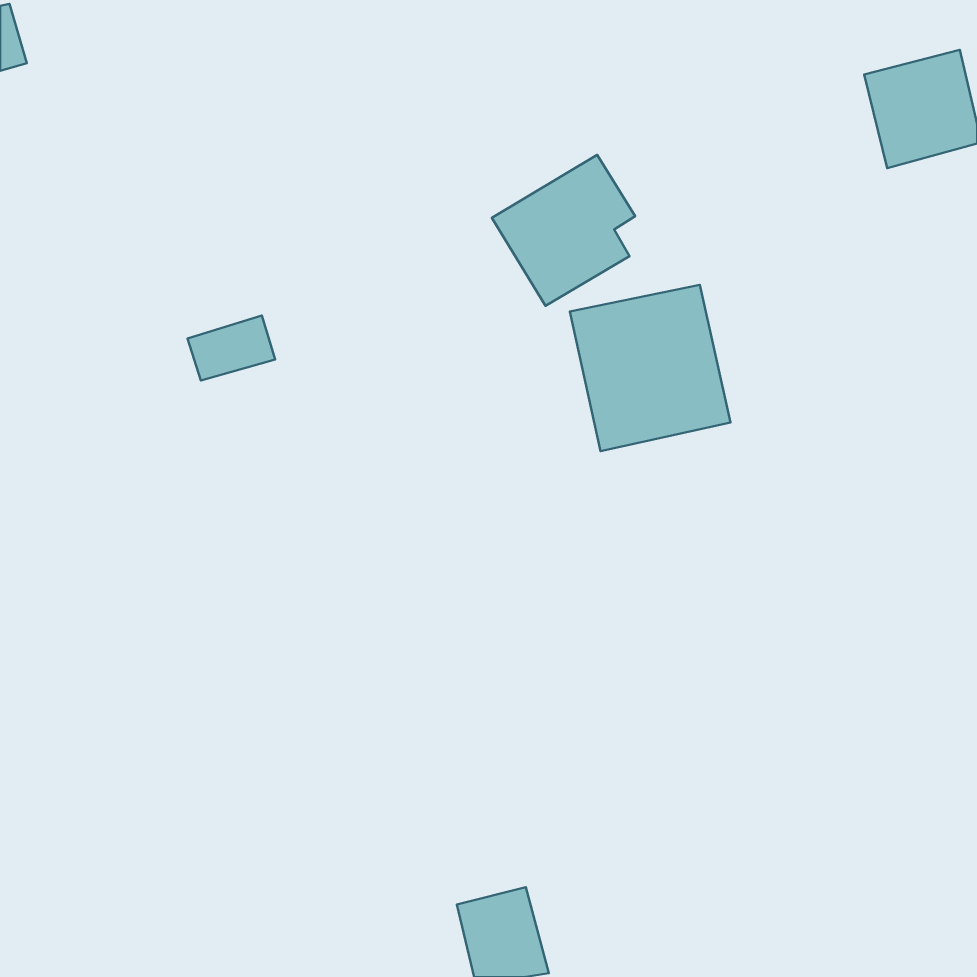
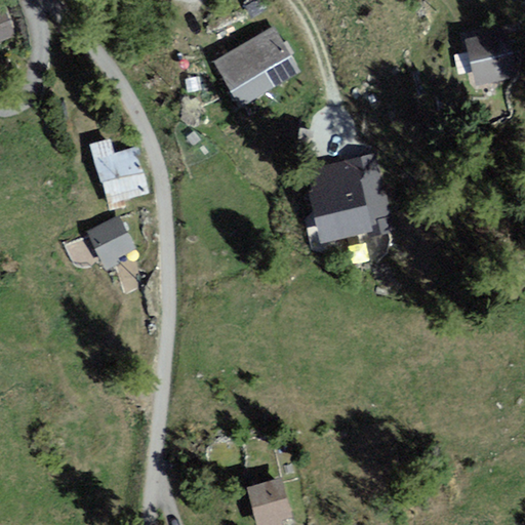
building: [492,155,635,306] -> [212,28,289,109]
building: none -> [90,139,140,181]
building: none -> [86,214,134,269]

